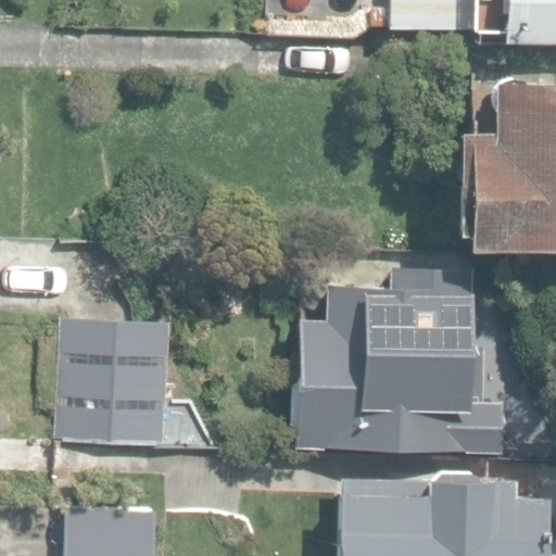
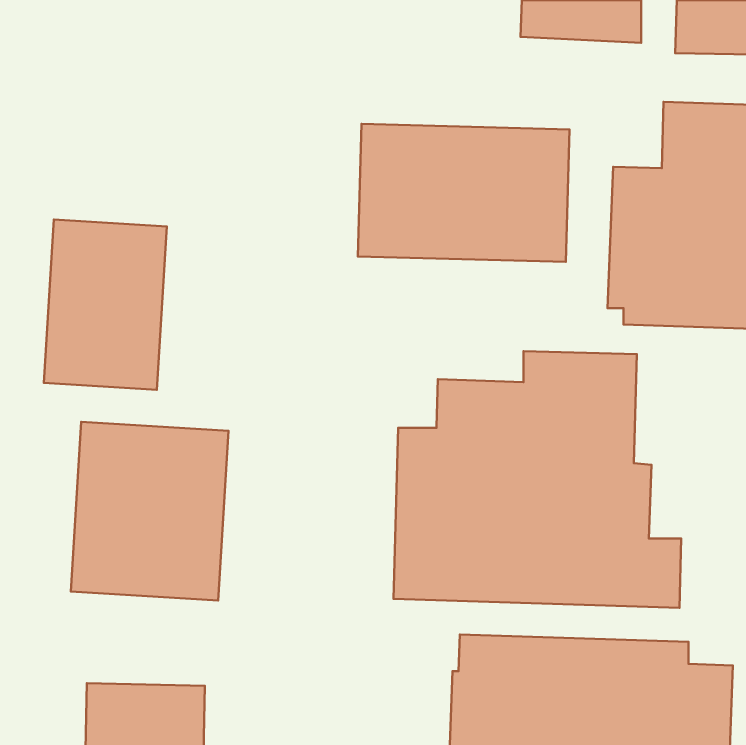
building: none -> [358,124,570,262]
building: none -> [44,219,167,390]

